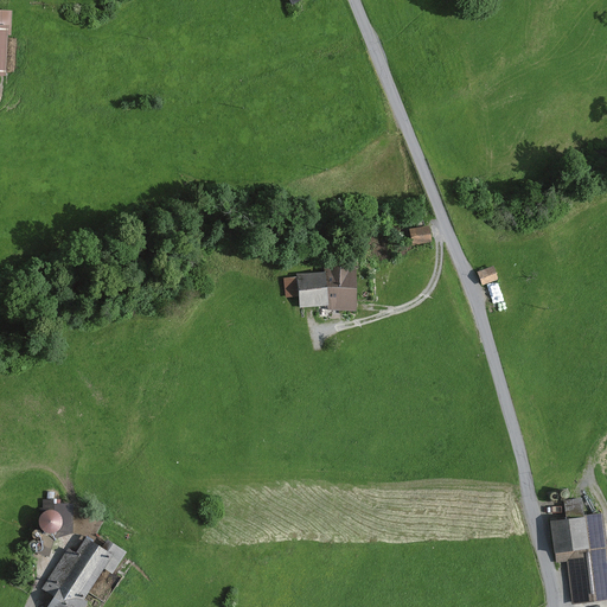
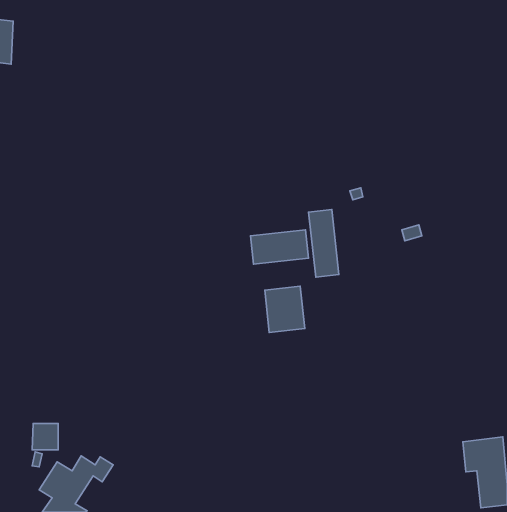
building: none -> [309,209,339,277]
building: none -> [265,286,305,332]

